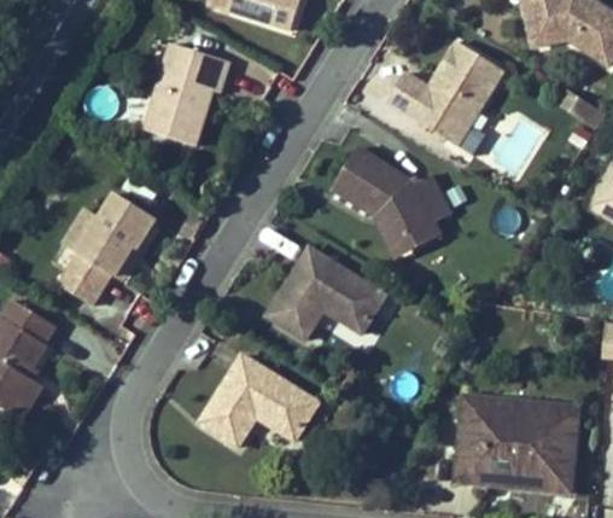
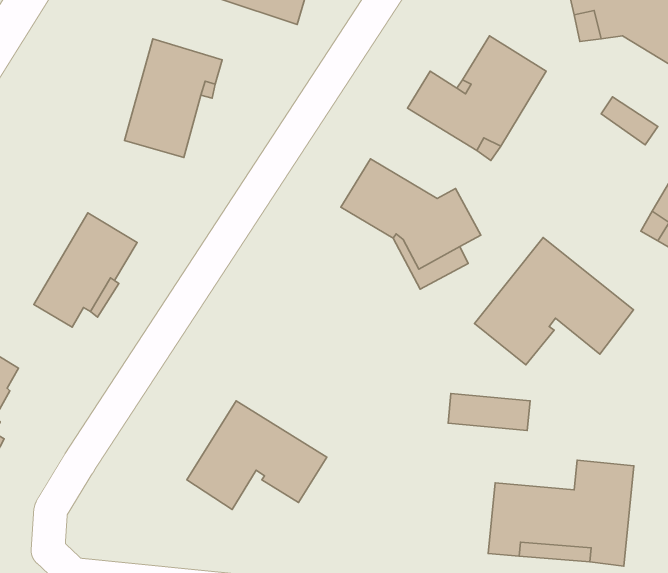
building: none -> [474,238,634,365]
building: [264,245,384,338] -> none
building: [461,397,531,429] -> [448,394,530,430]

